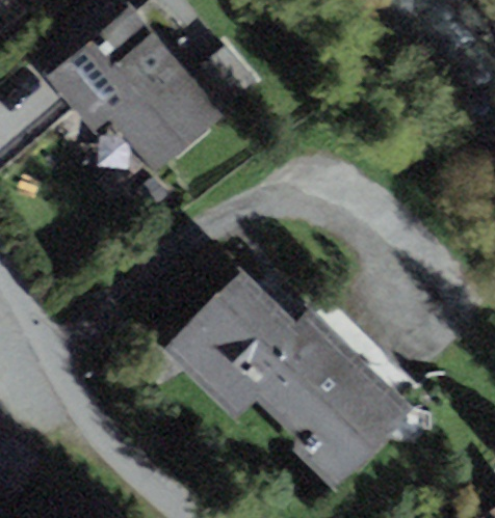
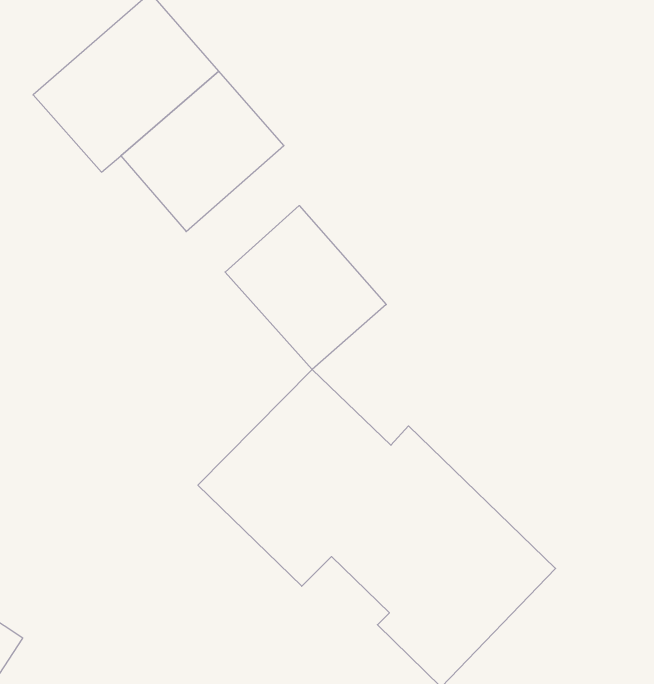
building: none -> [225,206,386,370]

